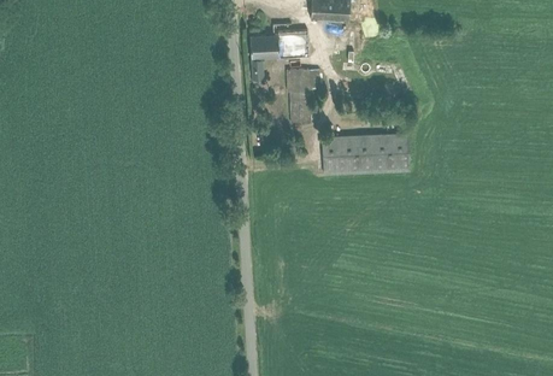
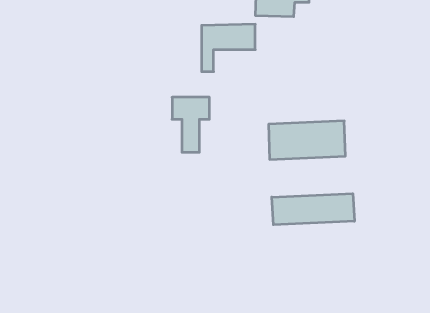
building: [281,69,322,129] -> [172,97,209,152]
building: none -> [272,194,354,225]

